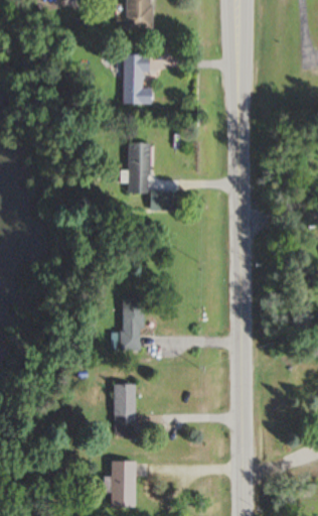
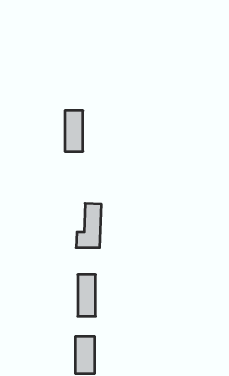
building: [123,54,149,103] -> none
building: [128,142,150,192] -> [65,111,83,151]

